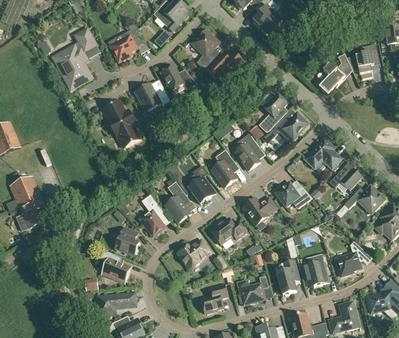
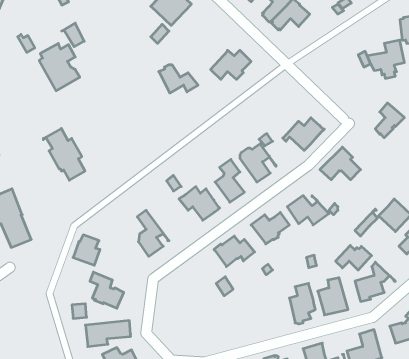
building: [191,28,219,68] -> none
building: [107,29,143,61] -> none
building: [319,63,345,94] -> [375,103,404,138]
building: [135,83,170,110] -> none
building: [258,93,287,132] -> none
building: [103,100,140,146] -> [43,128,85,180]
building: [329,167,361,189] -> [336,245,372,270]
building: [166,177,190,222] -> none
building: [115,227,139,254] -> [73,235,100,265]
building: [177,240,210,269] -> none
building: [238,275,268,304] -> none
building: [198,284,228,313] -> none

